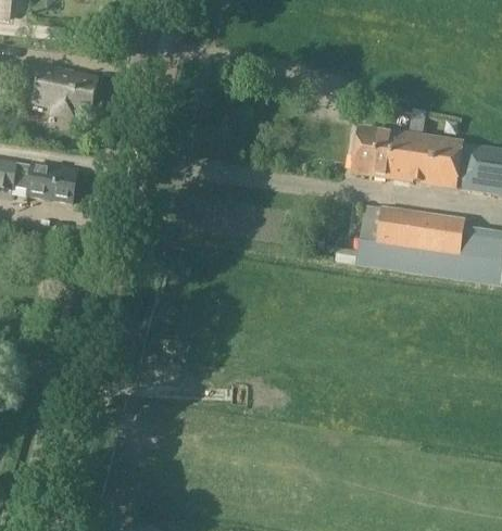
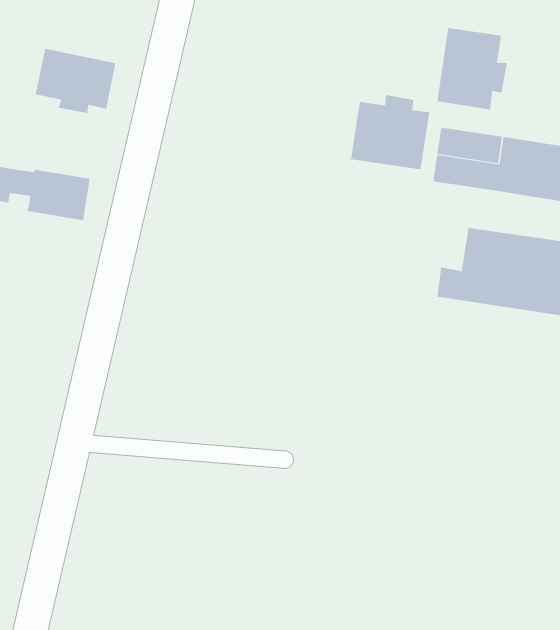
building: none -> [437,27,507,110]
building: none -> [351,94,430,170]

